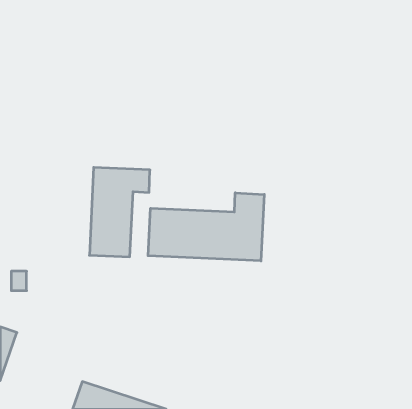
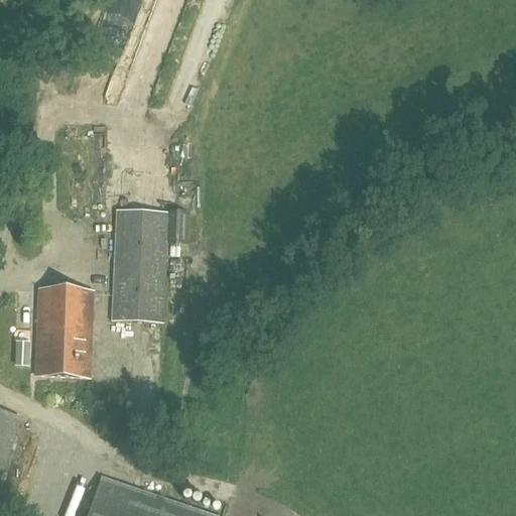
building: [148,193,264,261] -> none
building: none -> [36,290,92,377]

